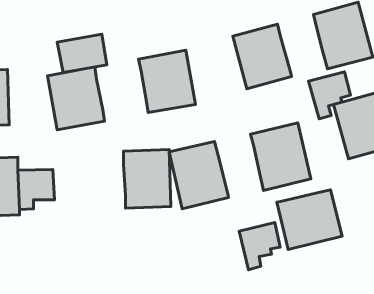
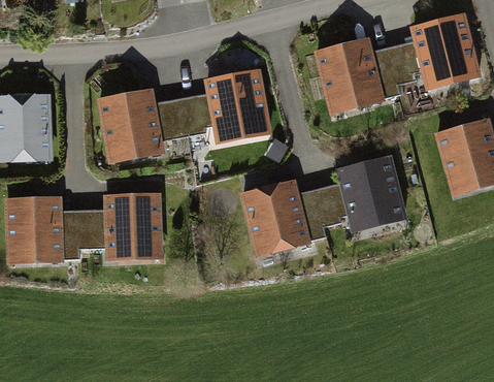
building: [57,34,107,73] -> [155,94,213,139]
building: [309,72,351,119] -> [371,40,421,96]
building: [124,150,171,208] -> [103,192,159,261]
building: [277,190,342,250] -> none
building: [239,223,280,270] -> [298,183,347,238]

